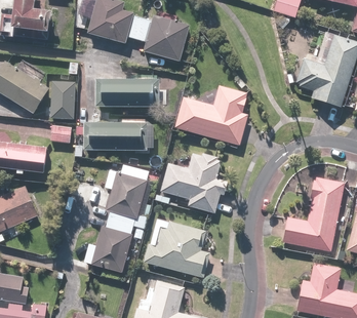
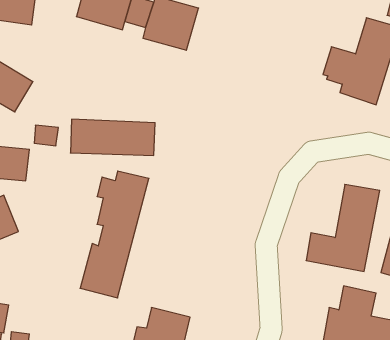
building: [95,80,160,107] -> none
building: [51,82,77,120] -> none
building: [175,84,249,145] -> none
building: [160,151,228,213] -> none
building: [142,221,209,277] -> none

